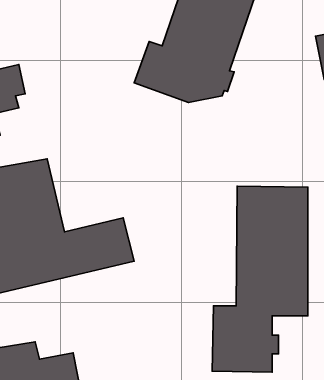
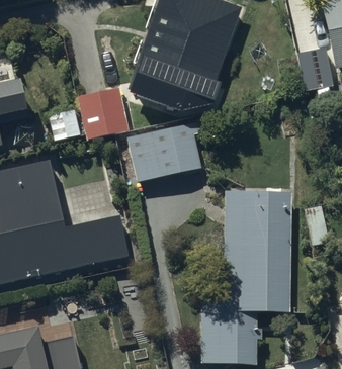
building: none -> [78,86,131,139]
building: none -> [127,119,201,179]

